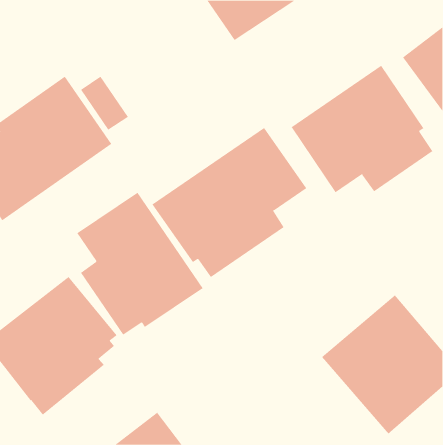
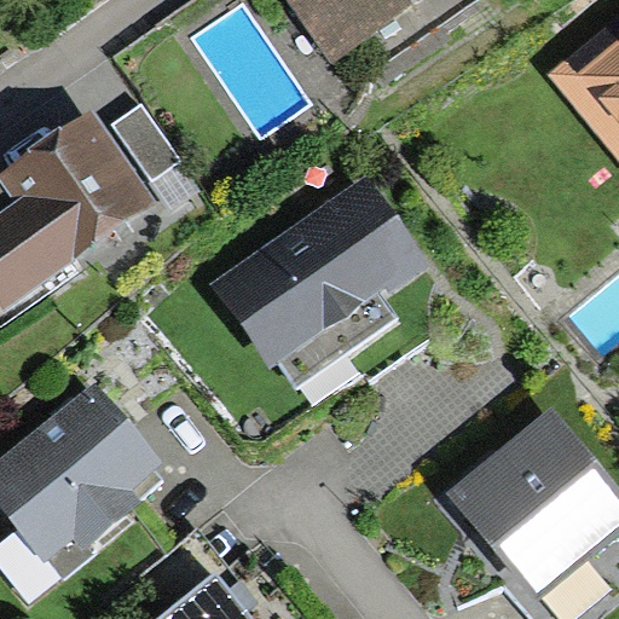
building: [291,65,433,193] -> none
building: [76,192,204,336] -> none

